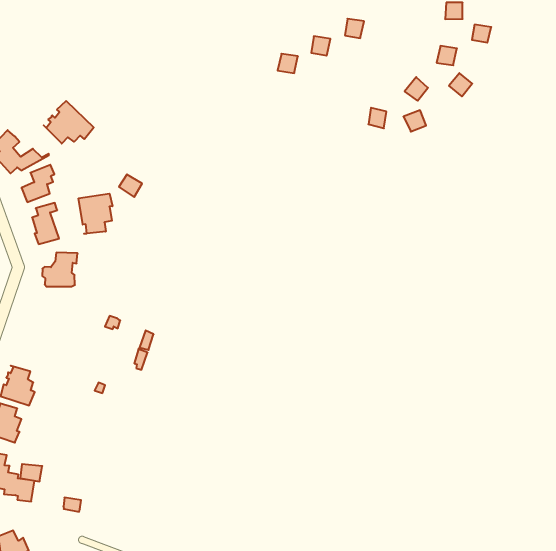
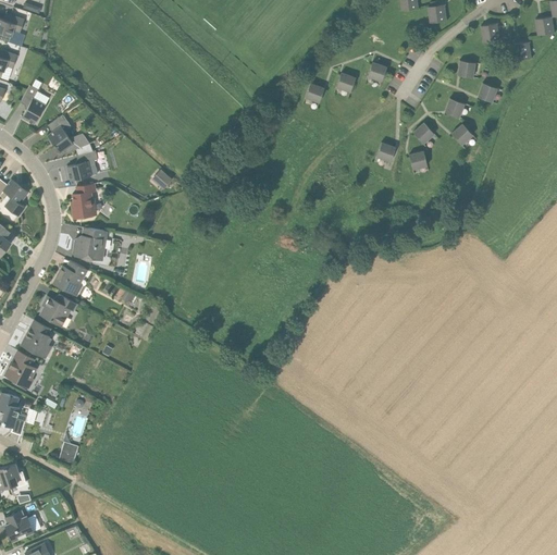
building: [44,101,94,144] -> none
building: [79,194,112,234] -> none
building: none -> [53,260,87,292]
building: none -> [39,295,77,325]

